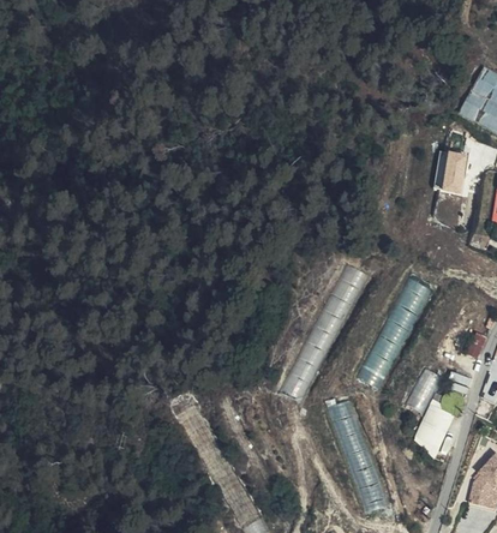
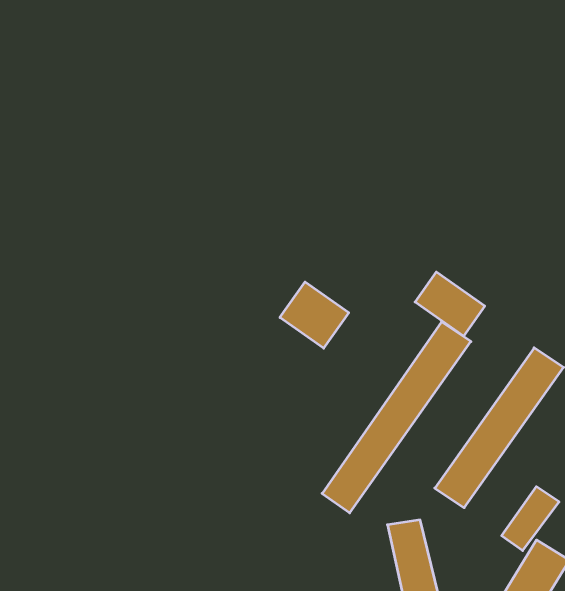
building: none -> [415,272,485,336]
building: none -> [280,282,349,348]

